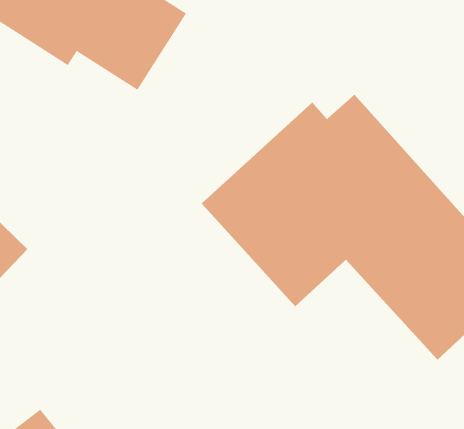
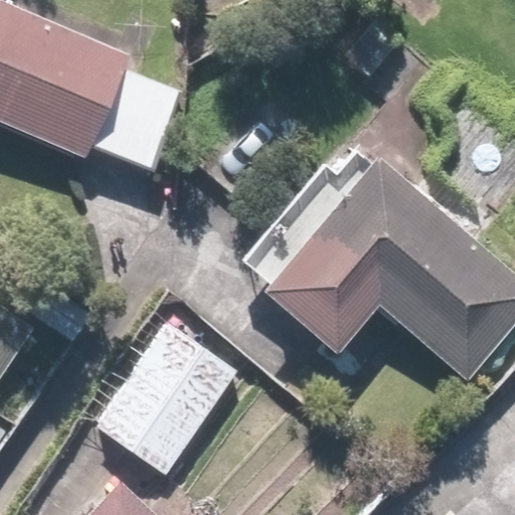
building: none -> [98,322,235,473]

